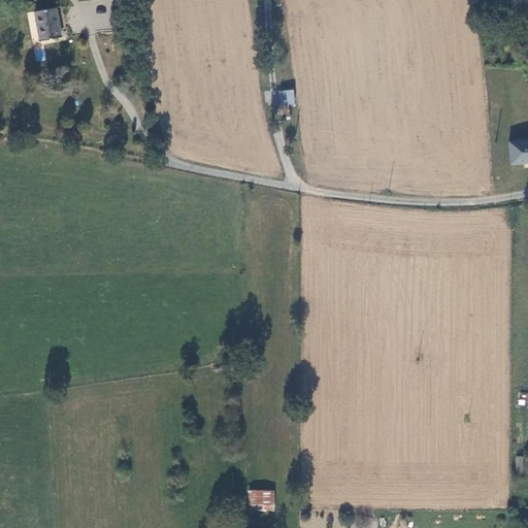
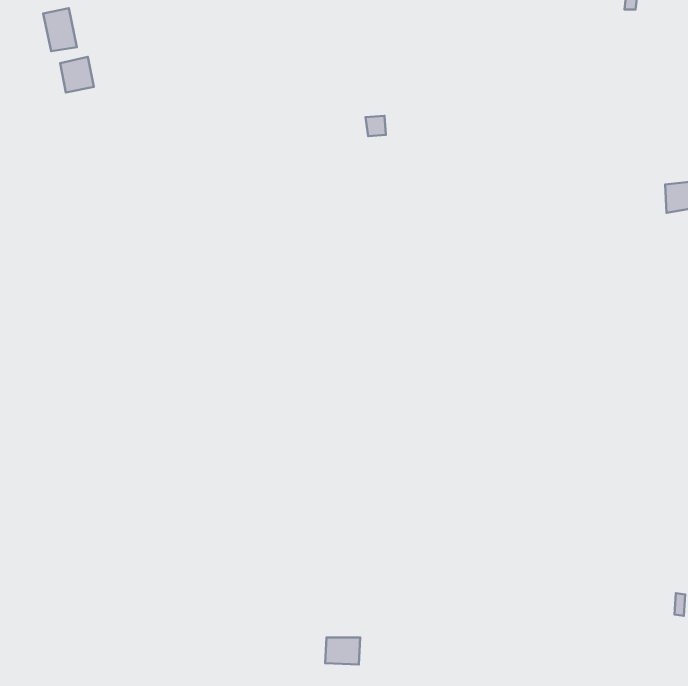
building: none -> [60,57,94,93]

